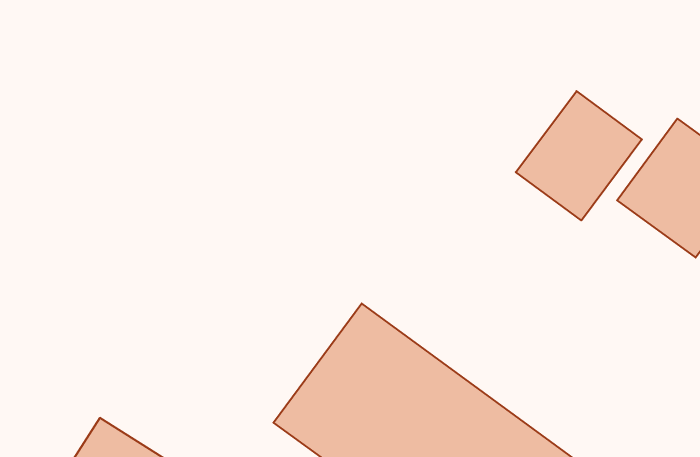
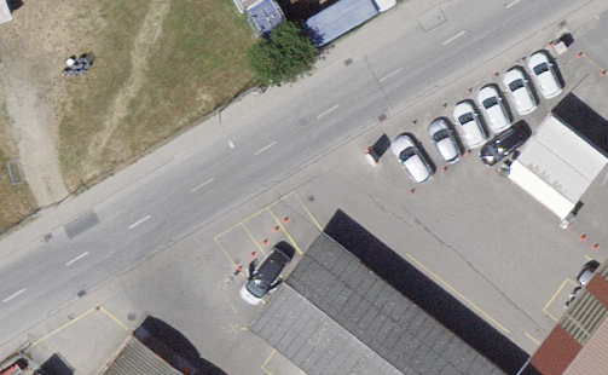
building: [516,91,642,220] -> none

